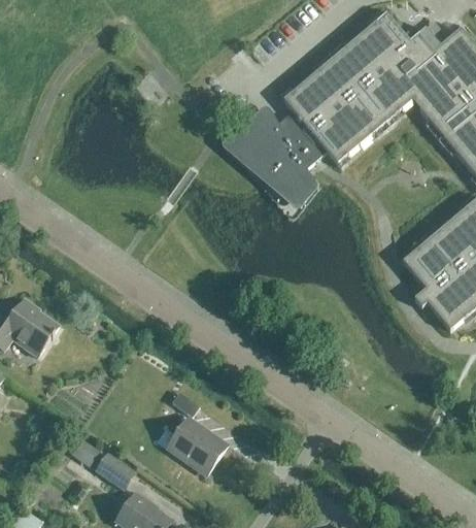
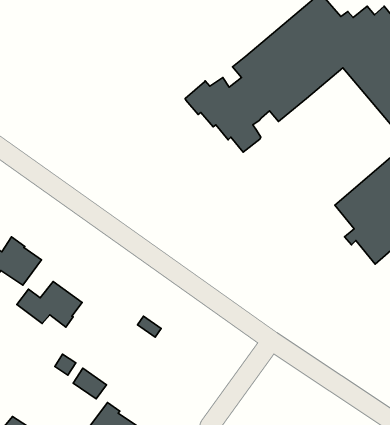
building: none -> [17,281,82,327]
building: [169,420,225,473] -> none

